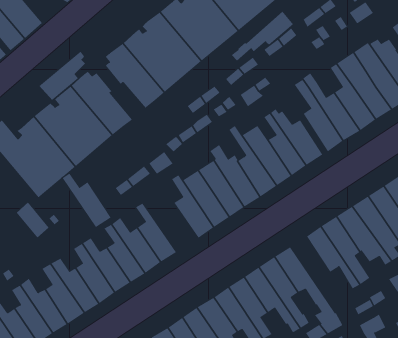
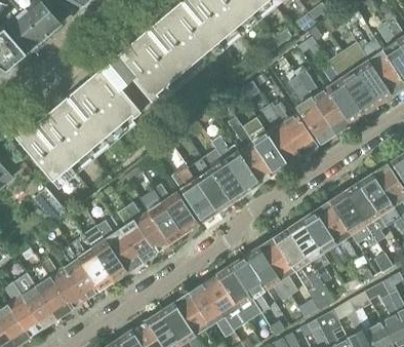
building: [231,11,294,61] -> none
building: [39,51,86,101] -> none
building: [62,173,111,228] -> [151,184,196,234]
building: none -> [285,220,332,290]

